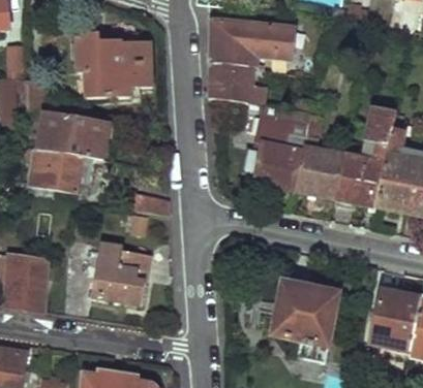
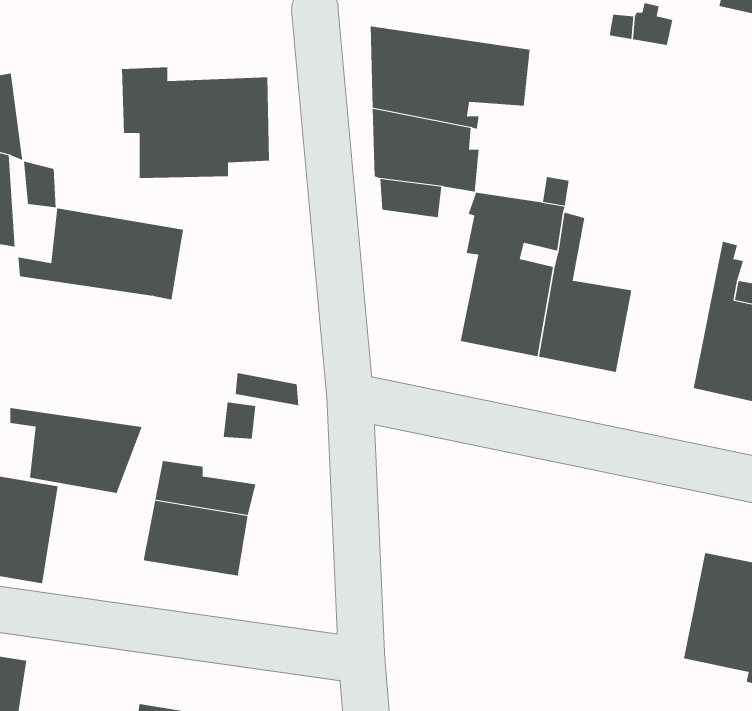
building: [336,105,396,206] -> none
building: [21,147,91,192] -> [9,407,143,494]
building: [273,282,338,361] -> none

